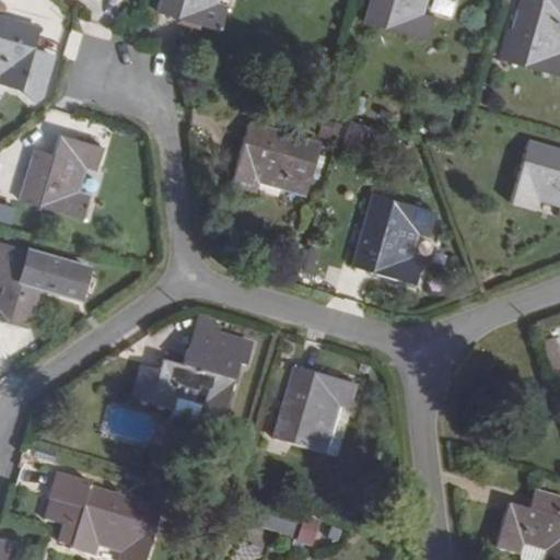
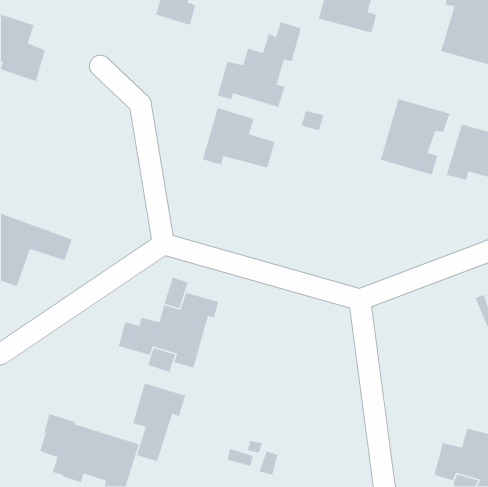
building: none -> [217,21,302,108]
building: [21,133,101,217] -> none
building: [353,194,434,282] -> [380,98,451,176]
building: [276,369,354,450] -> none
building: none -> [132,382,186,462]

